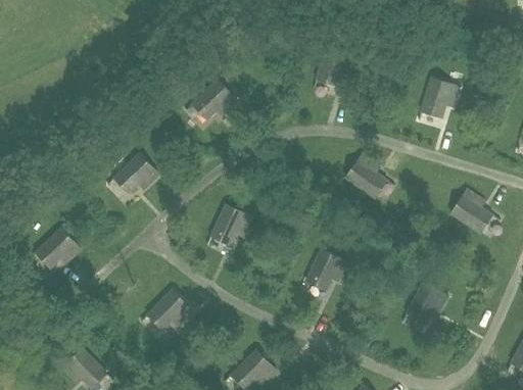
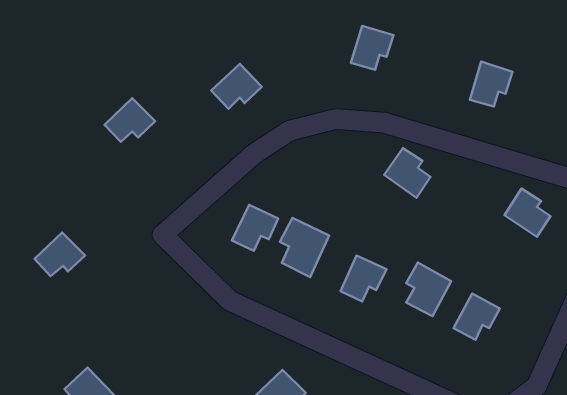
building: [113,155,158,194] -> [105,98,155,142]
building: none -> [280,218,329,277]
building: none -> [406,262,451,316]
building: [146,291,191,331] -> none

